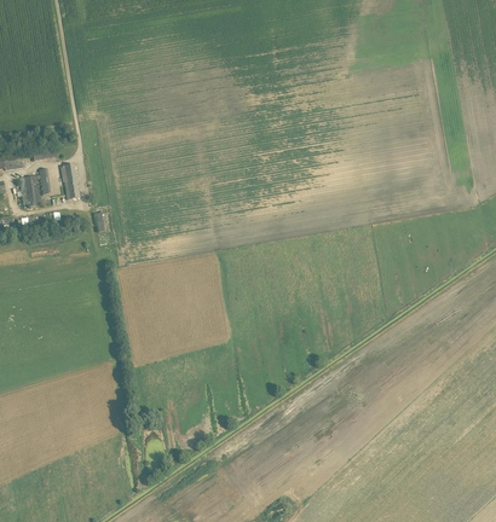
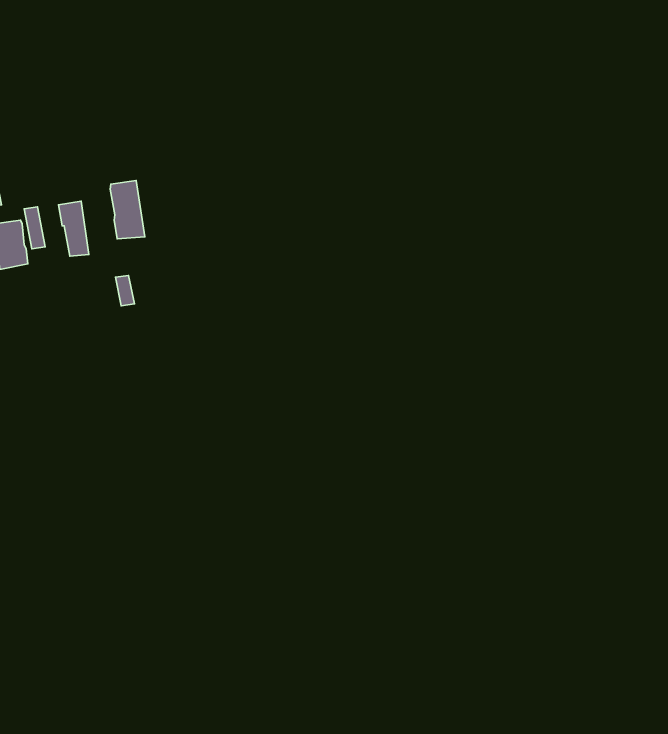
building: none -> [110,181,145,239]

